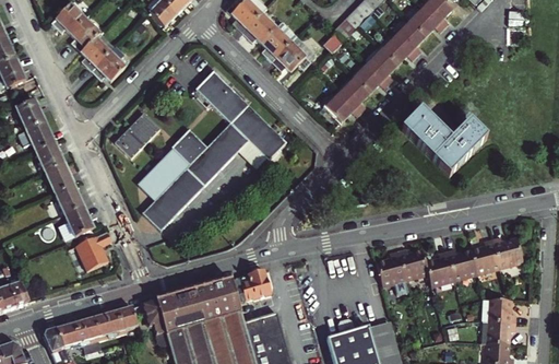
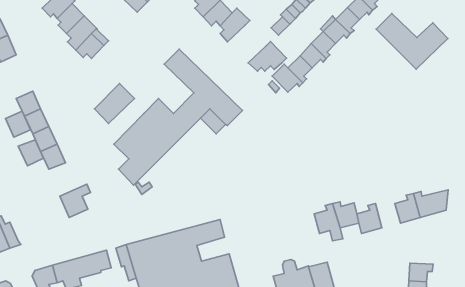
building: [272,36,317,71] -> [248,42,286,71]
building: [14,97,44,128] -> [5,111,31,137]
building: [404,110,488,176] -> [376,13,448,69]
building: [62,203,92,234] -> [18,140,43,166]
building: [445,249,475,280] -> none
building: [486,300,513,322] -> none

